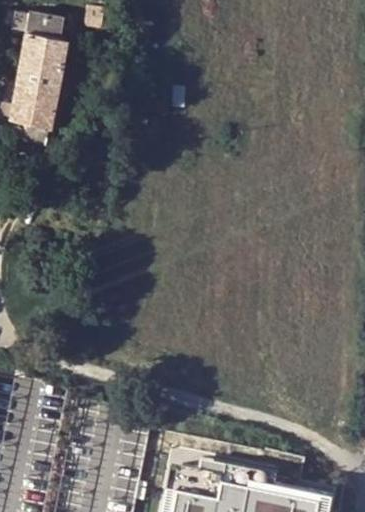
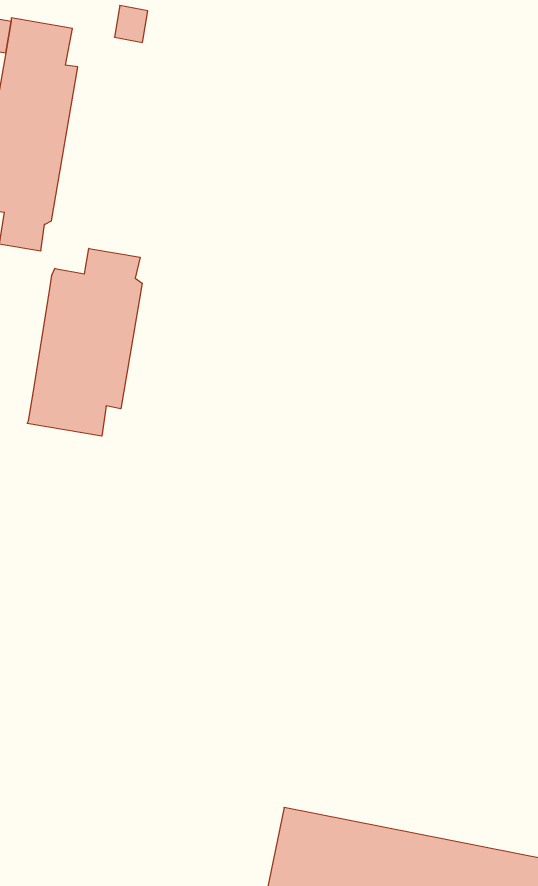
building: none -> [27,248,142,436]

